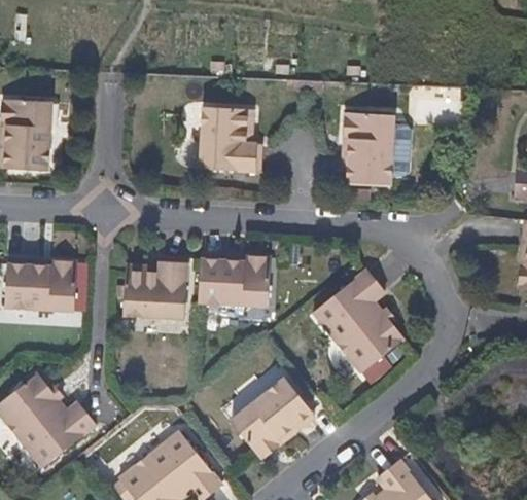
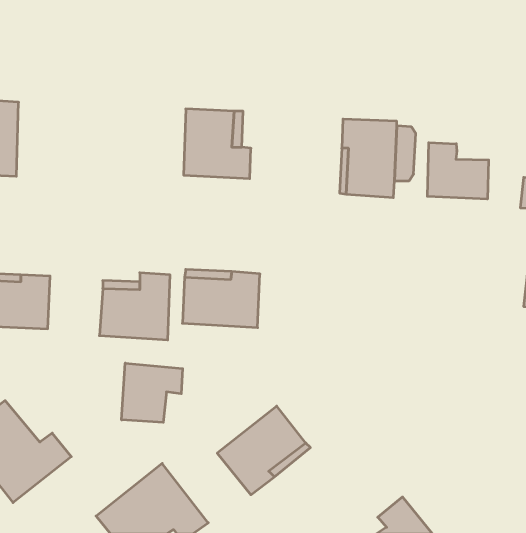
building: none -> [427,143,489,199]
building: [313,273,402,374] -> none
building: none -> [122,363,183,422]

